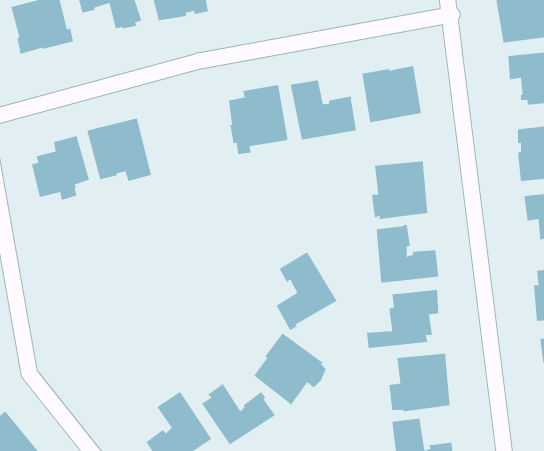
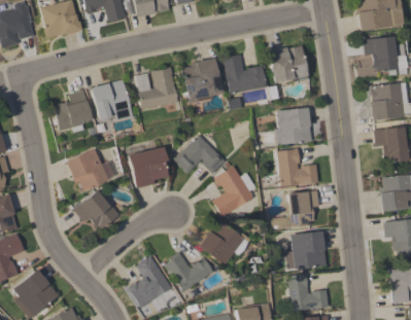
building: none -> [135,67,177,110]
building: none -> [173,132,225,174]
building: none -> [128,146,168,187]
building: none -> [66,149,115,190]
building: none -> [73,189,119,229]

